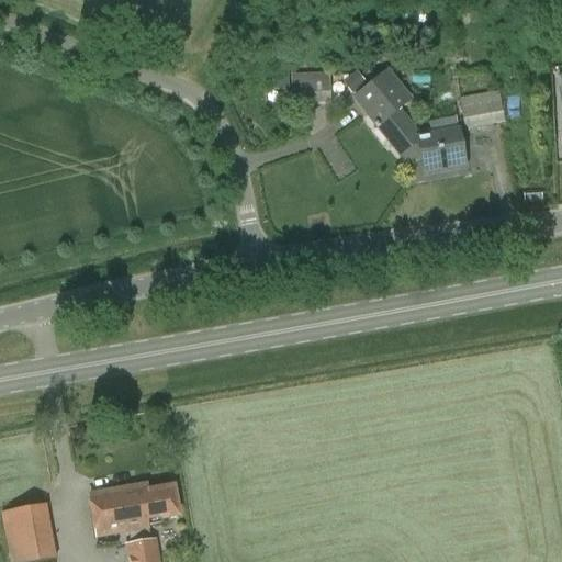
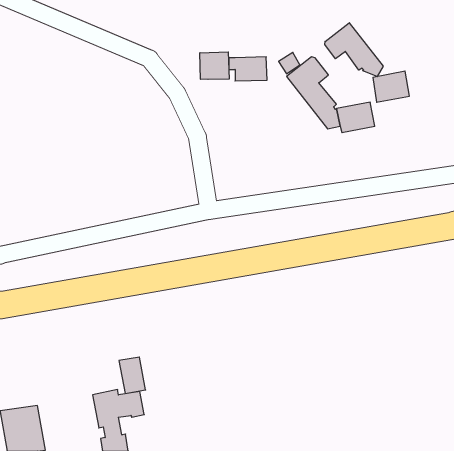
building: none -> [325,23,383,77]
building: none -> [200,52,229,79]
building: [90,487,123,532] -> [119,357,146,394]

